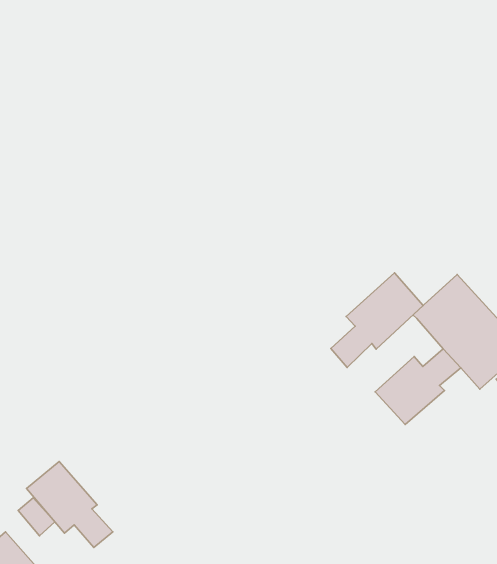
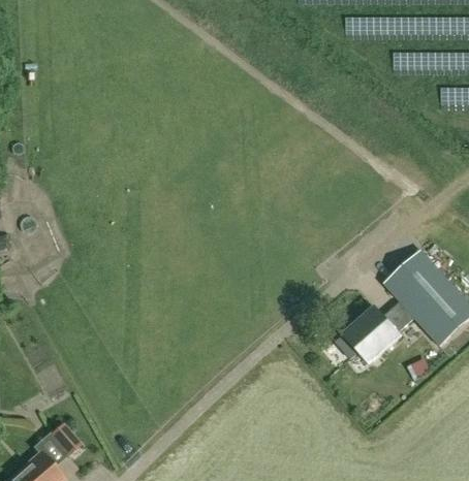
building: [331,273,423,368] -> none
building: [26,461,113,547] -> none

